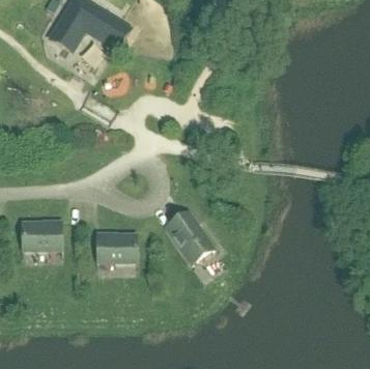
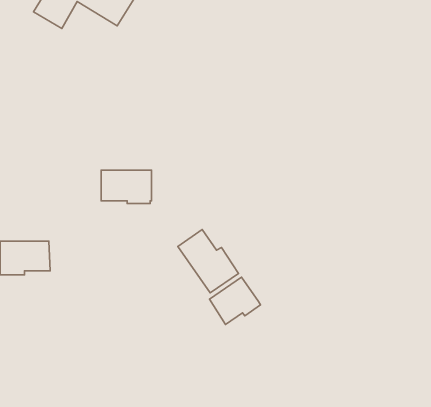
building: [96,234,137,261] -> [101,170,152,204]
building: none -> [209,277,261,324]

